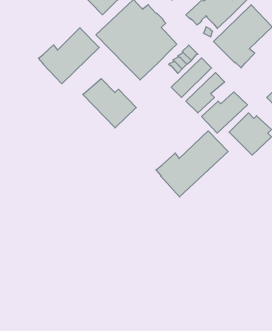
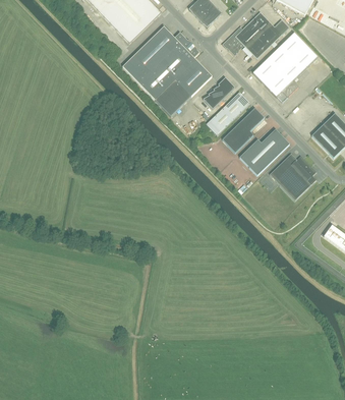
building: [38,28,99,84] -> none
building: [83,79,136,128] -> none
building: [156,131,228,197] -> none

